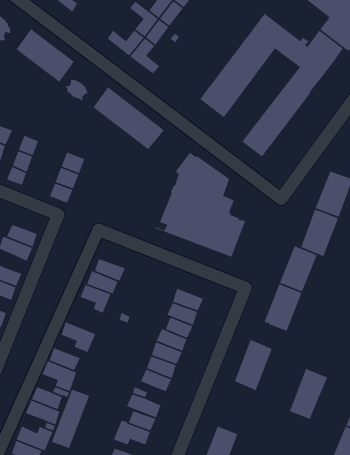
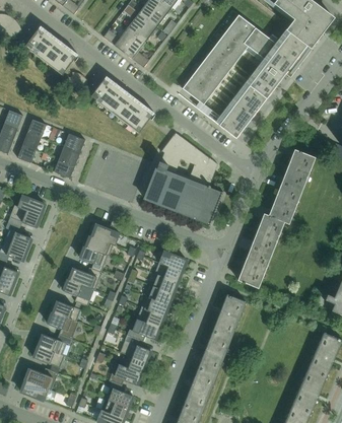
building: none -> [68,267,101,289]
building: [289,368,328,420] -> [198,330,231,374]
building: [51,388,90,449] -> none

